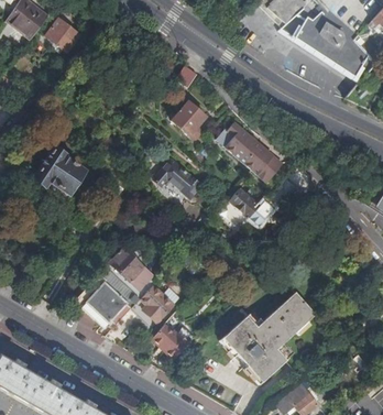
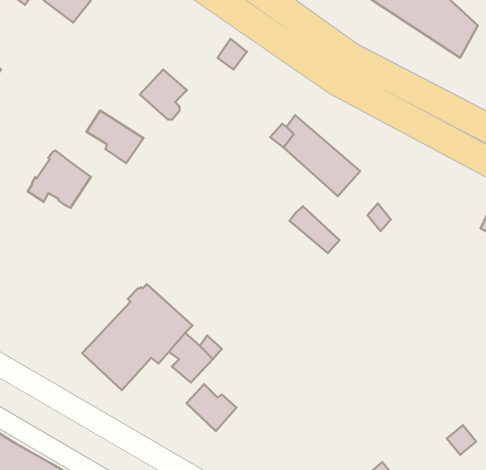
building: [171,101,206,139] -> [140,70,187,120]
building: none -> [87,111,144,163]
building: [153,159,201,198] -> none
building: [223,291,313,379] -> none

